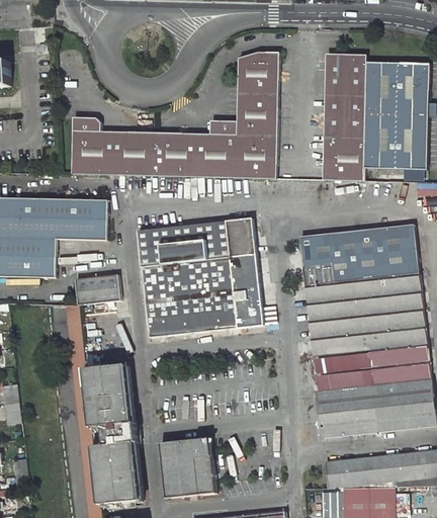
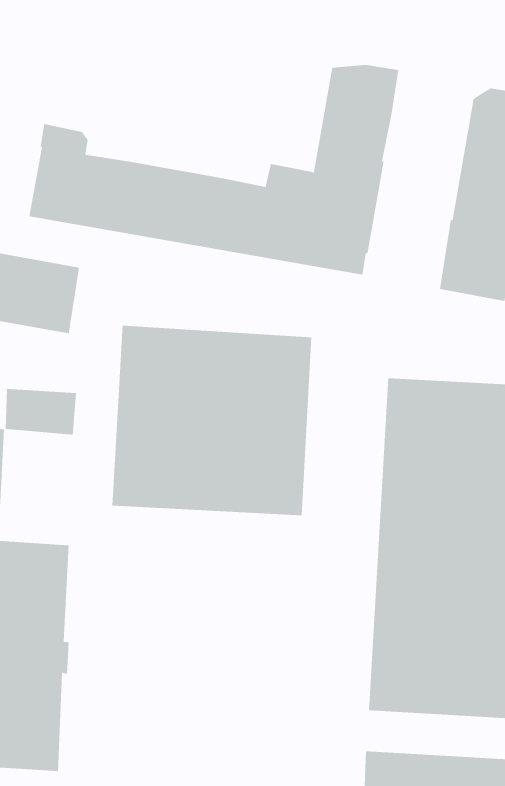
building: [160,443,215,498] -> none

